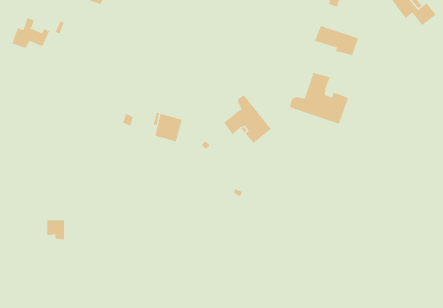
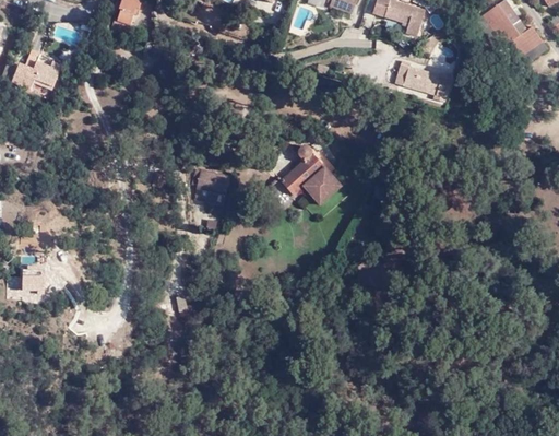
building: [290,72,349,125] -> none
building: [47,220,65,240] -> [22,270,45,295]

